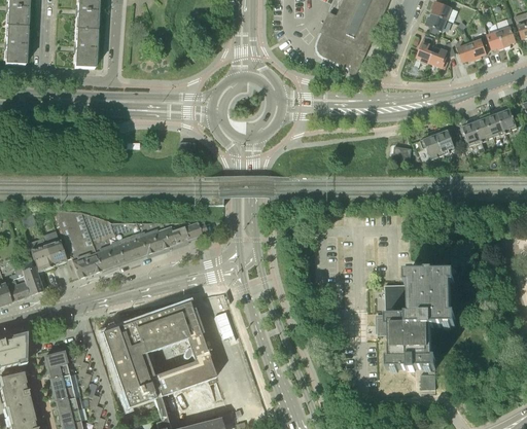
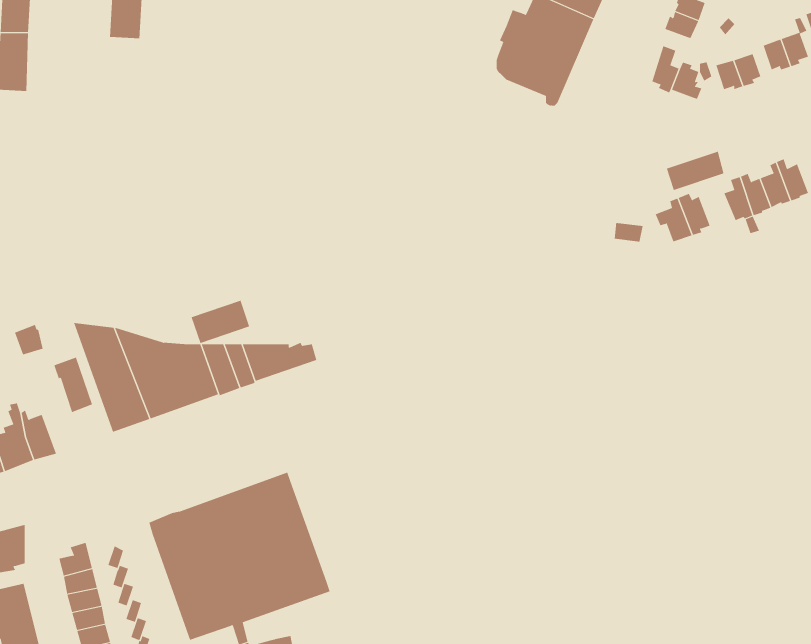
building: [76,29,97,67] -> none
building: none -> [666,151,724,191]
building: none -> [191,300,250,344]
building: [29,239,54,271] -> none
building: [378,271,455,389] -> none

